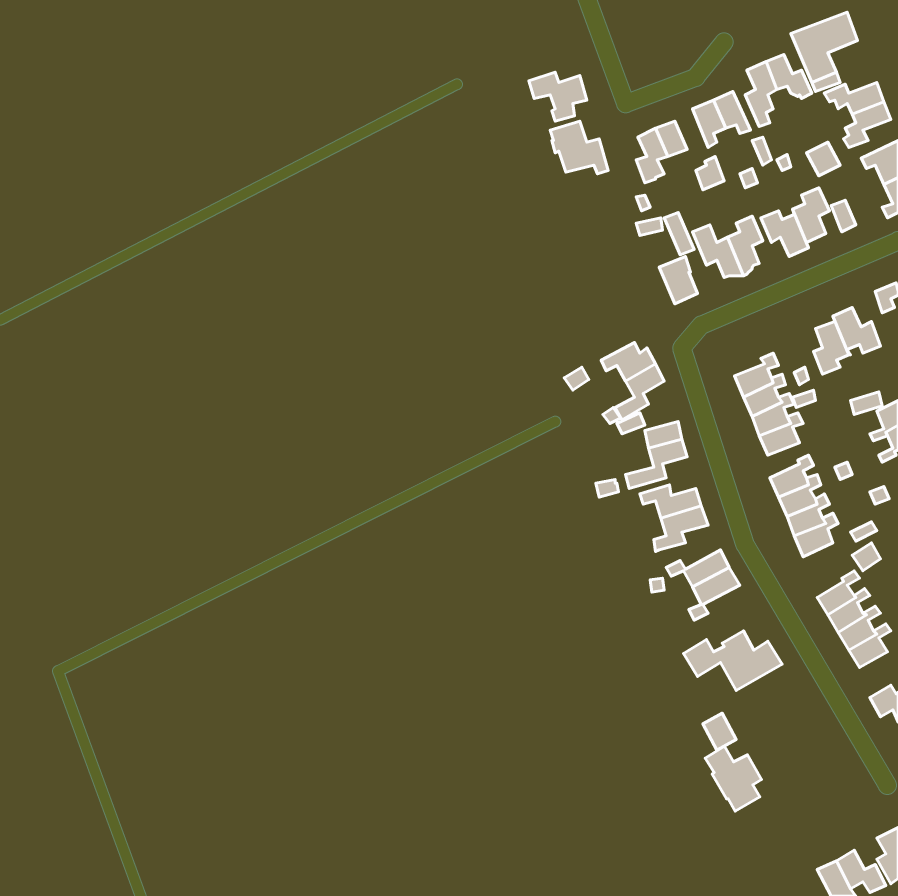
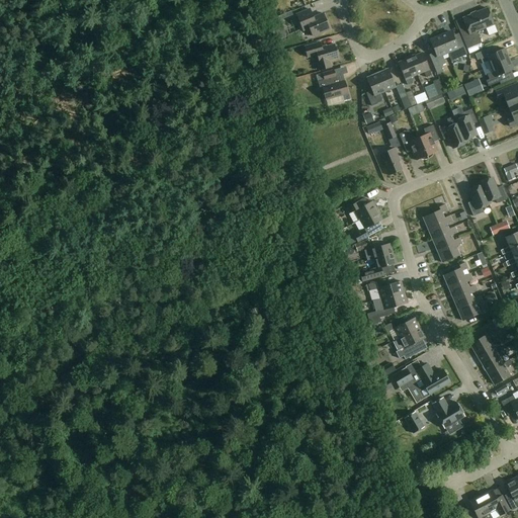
building: none -> [296,9,330,35]
building: [705,746,762,811] -> [432,397,464,434]

